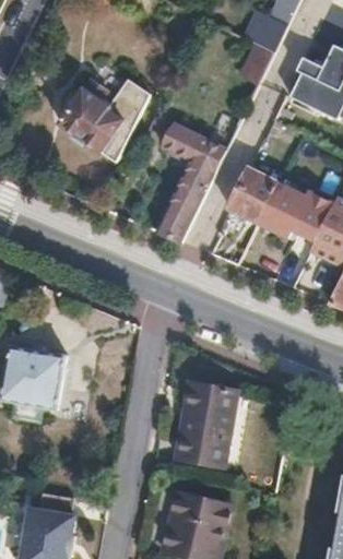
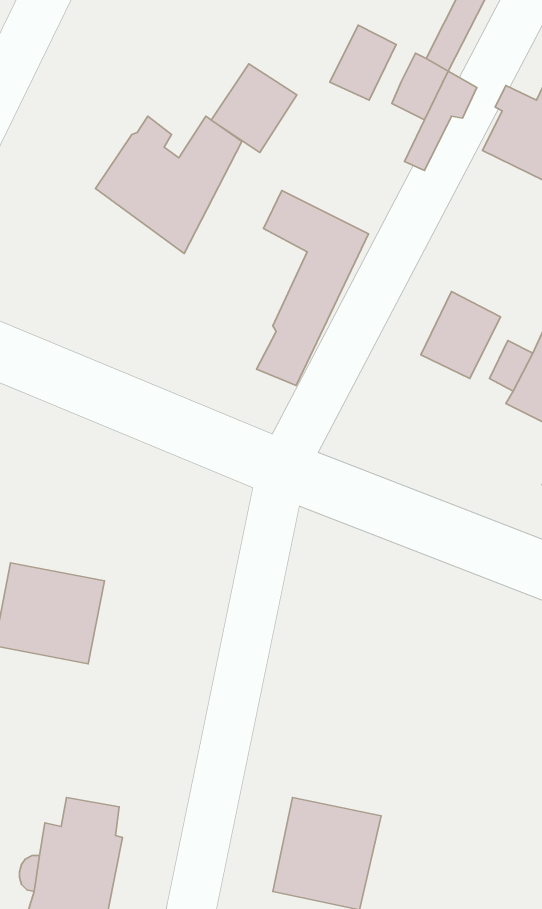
building: none -> [330,25,396,100]
building: none -> [211,64,297,153]
building: [226,170,274,223] -> none
building: [175,379,235,463] -> none

